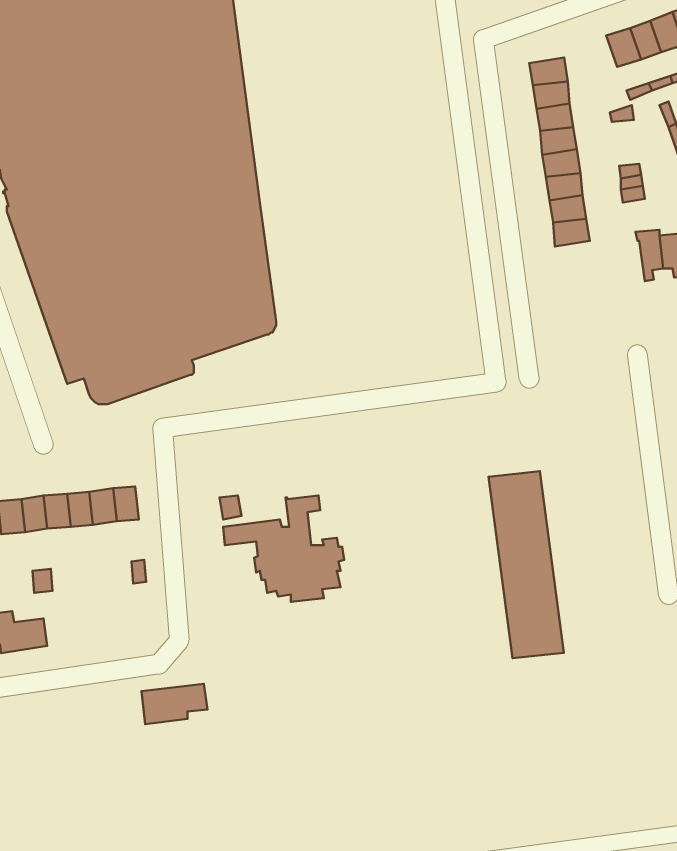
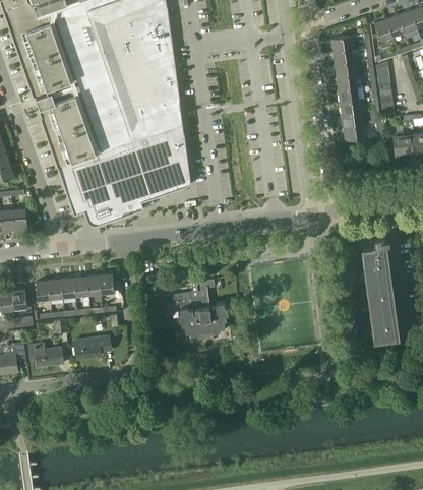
building: [489,471,564,658] -> [359,236,401,340]
building: [142,684,208,724] -> [74,335,111,358]

